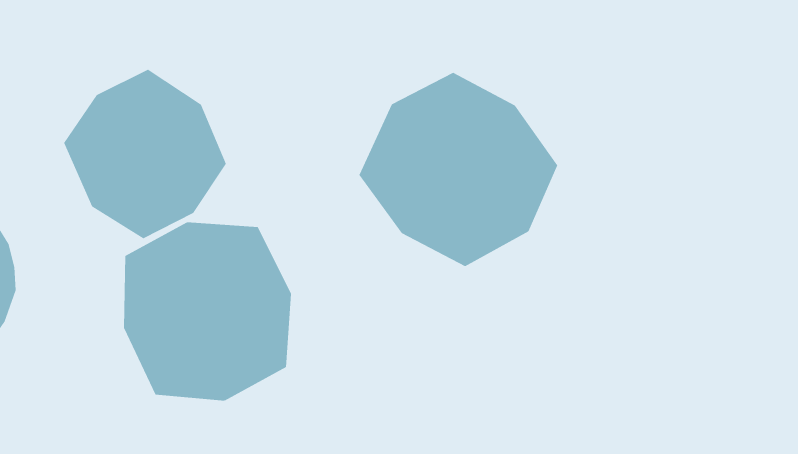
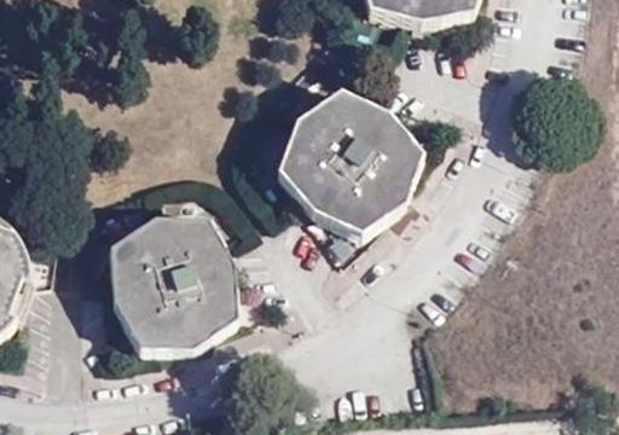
building: [64,69,226,239] -> none

